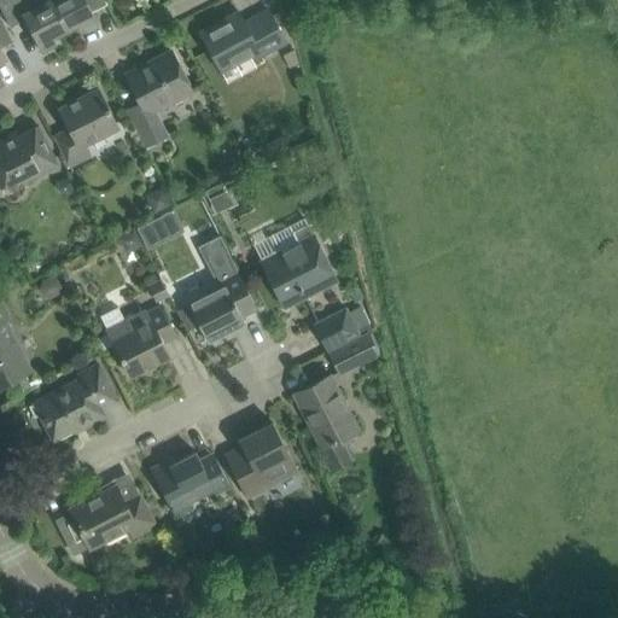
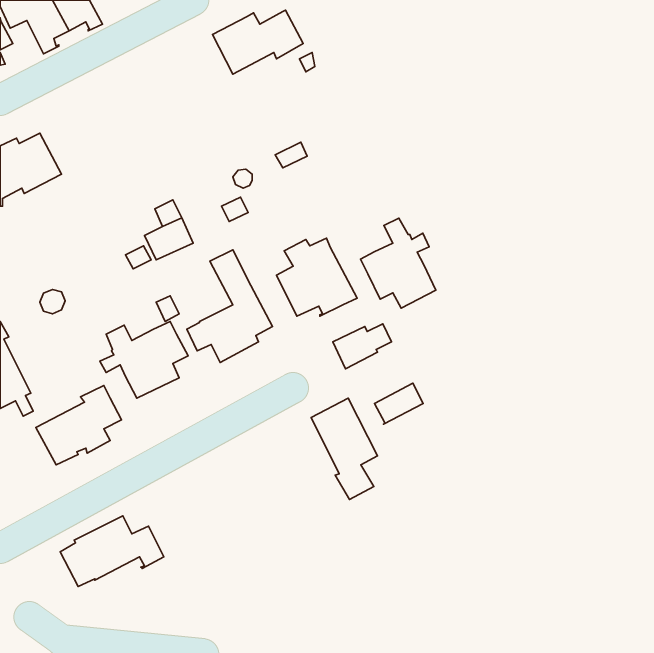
building: [126,52,191,158] -> none
building: [54,89,118,167] -> none
building: none -> [361,218,436,308]
building: [330,334,375,373] -> [375,383,423,424]
building: [225,424,297,497] -> none
building: [150,453,229,511] -> none

